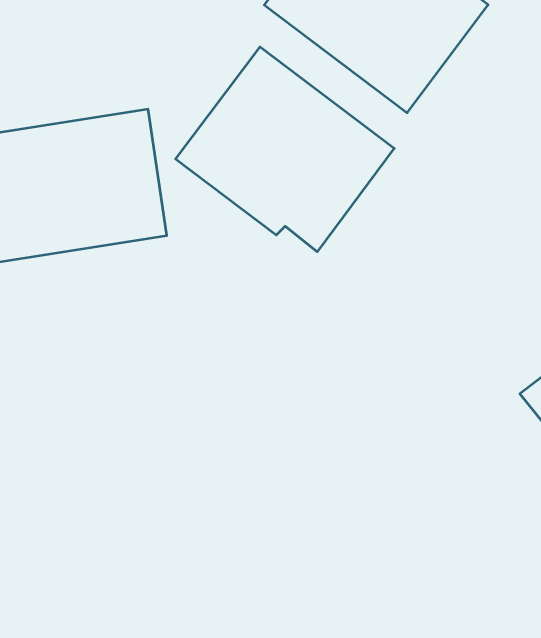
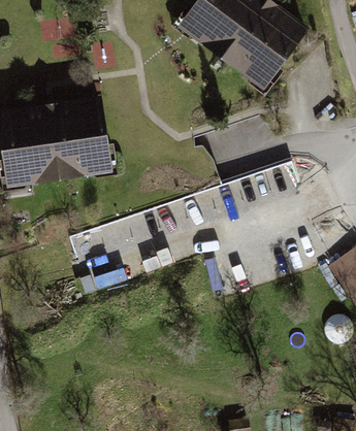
building: [176,47,394,252] -> none

